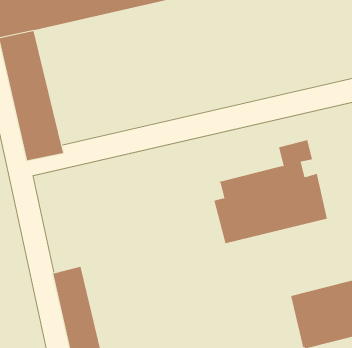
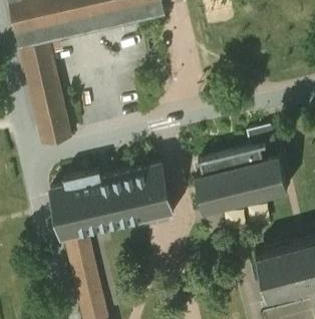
building: none -> [51,168,171,238]

